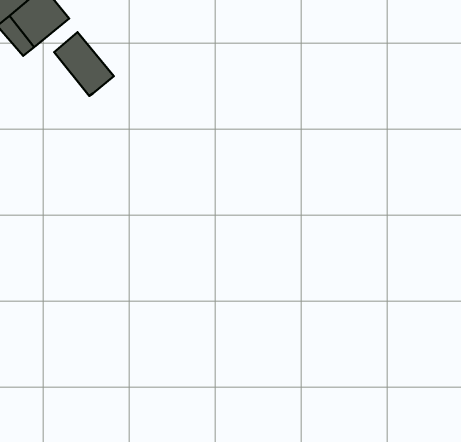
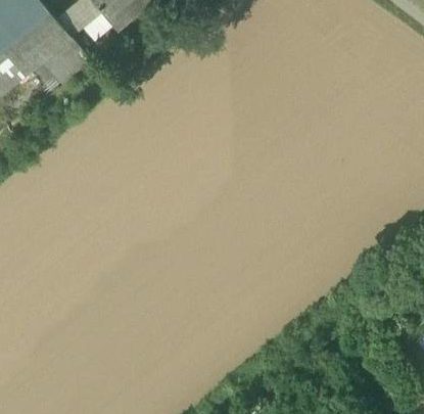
building: [54,32,114,96] -> none

